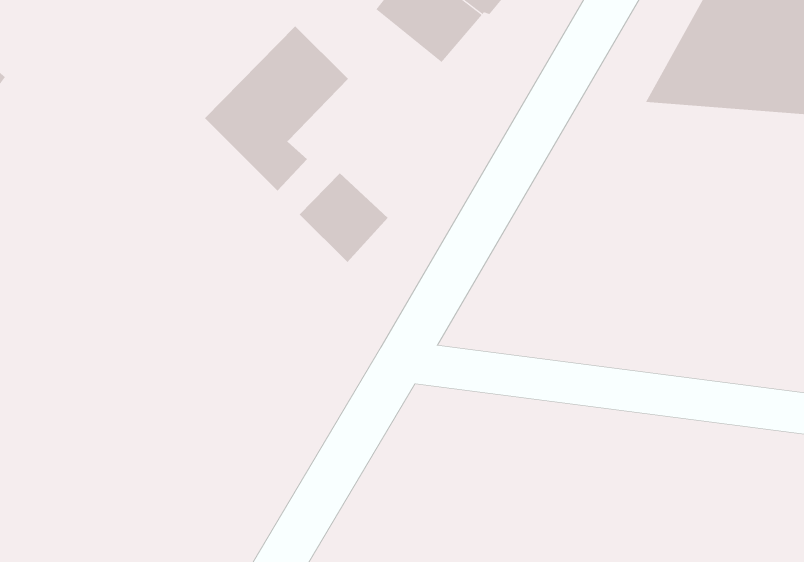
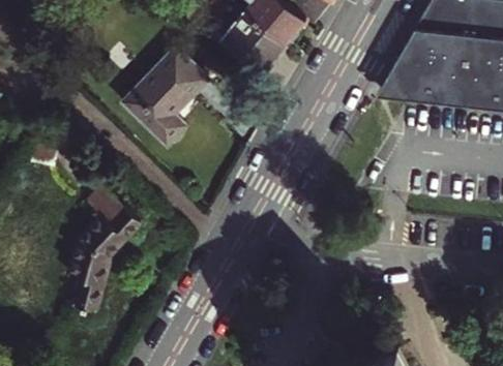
building: [299,173,389,263] -> none
building: none -> [67,187,138,312]

